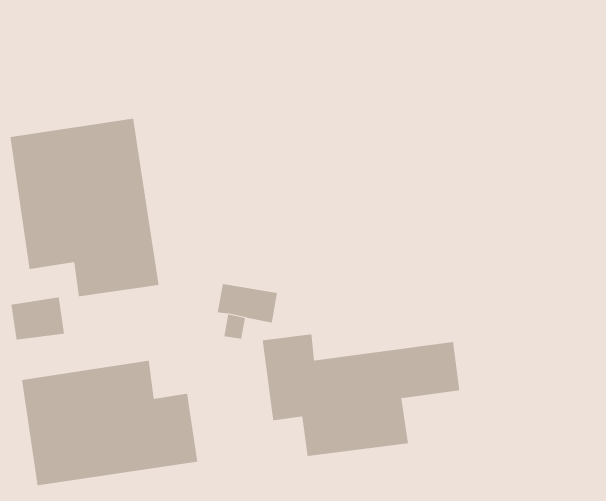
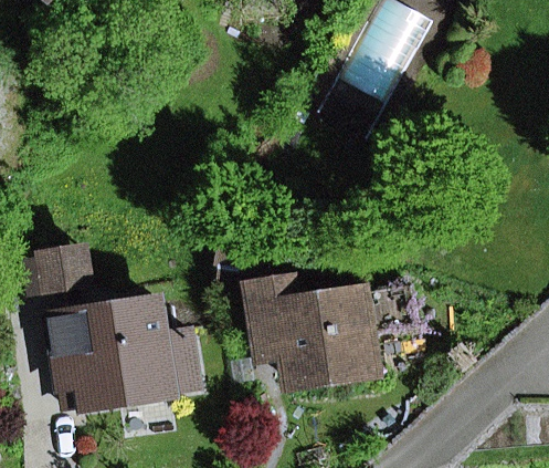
building: [10,118,159,297] -> none

